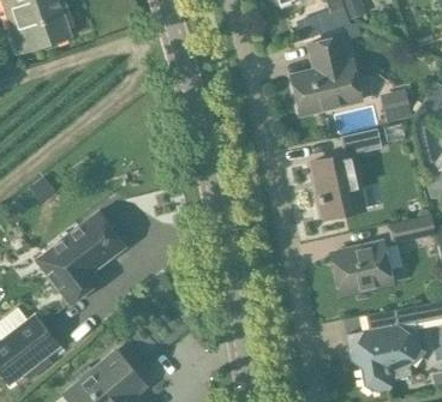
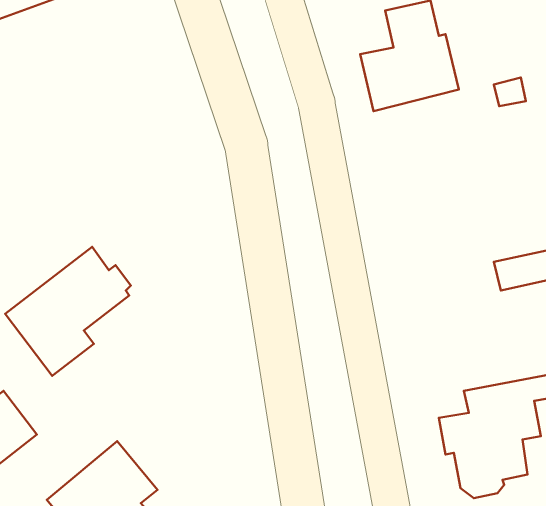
building: [311,128,382,218] -> none
building: [332,241,393,295] -> none

